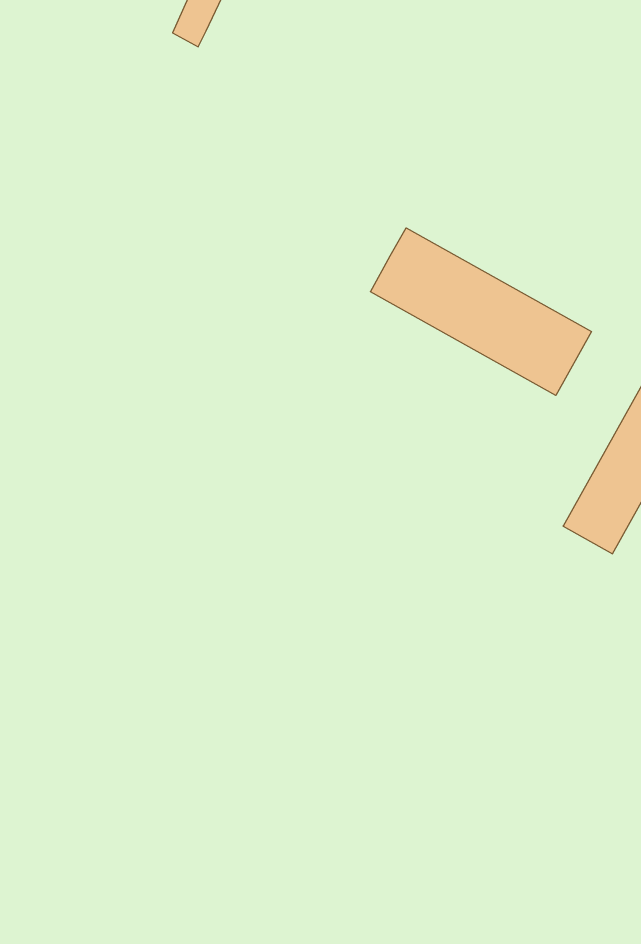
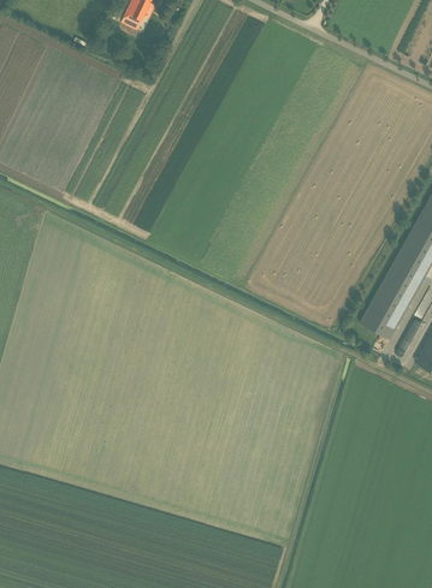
building: [370,228,591,395] -> none

